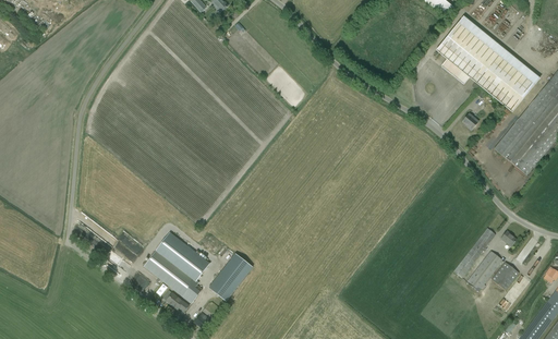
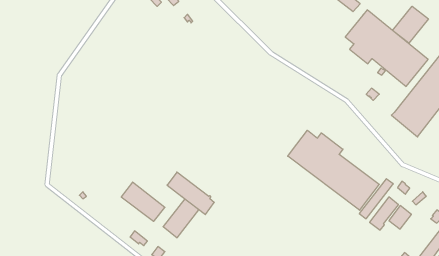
building: none -> [393,6,428,43]
building: none -> [288,130,379,210]
building: [145,250,204,303] -> [167,172,214,215]

